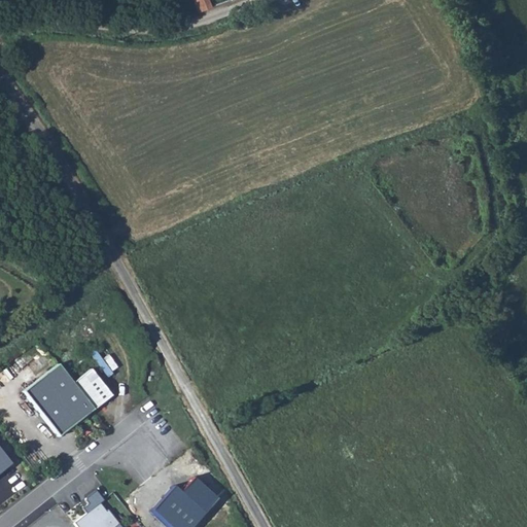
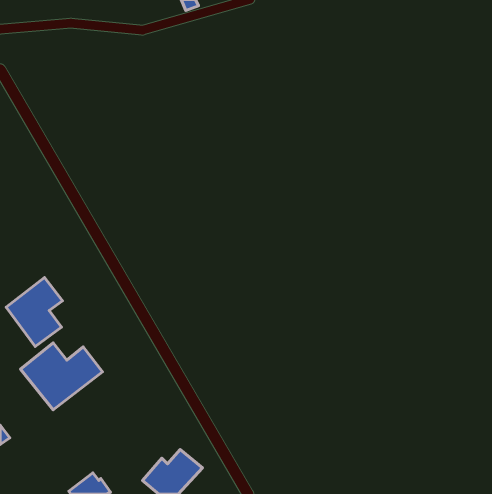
building: none -> [6,277,63,347]

